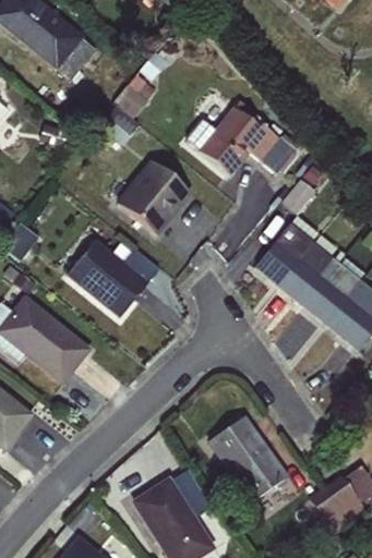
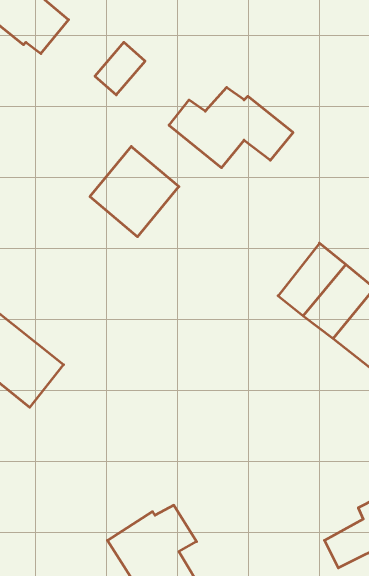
building: [253,178,319,288] -> none
building: [65,238,160,317] -> none
building: [205,414,288,504] -> none

